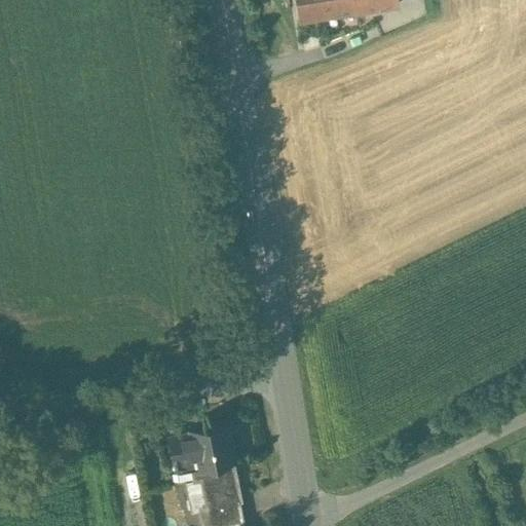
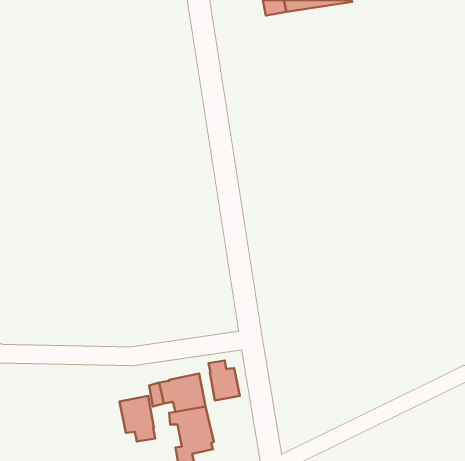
building: none -> [209,360,240,401]
building: none -> [119,396,155,441]

